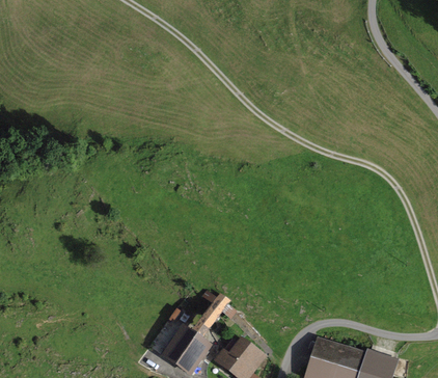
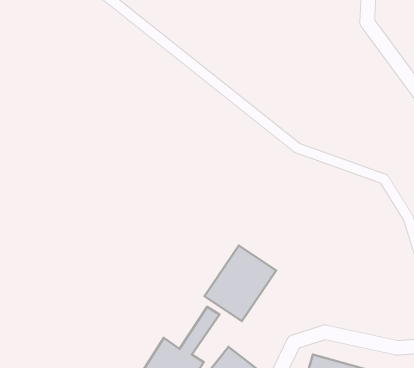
building: none -> [204,246,276,321]

